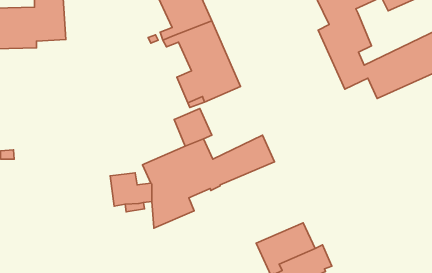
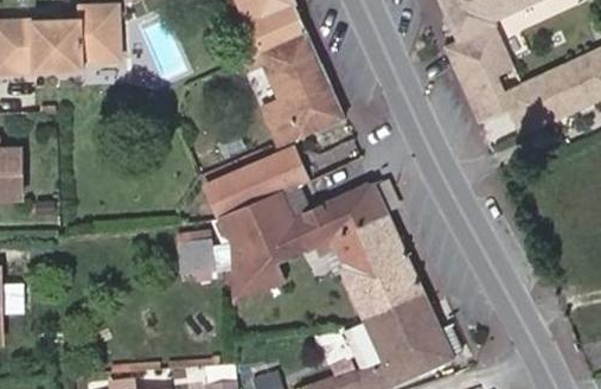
building: none -> [205,162,273,219]
building: none -> [318,217,424,321]

